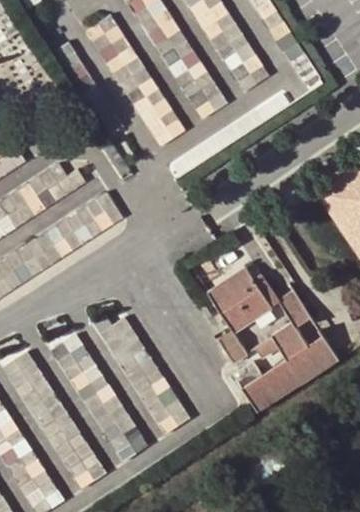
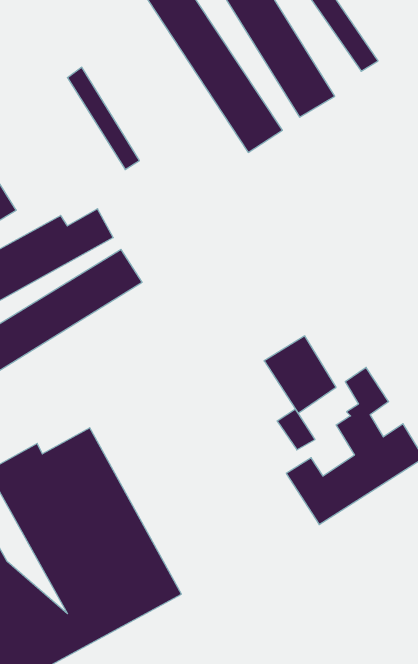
building: [87,12,178,148] -> none
building: [94,310,191,436] -> none

